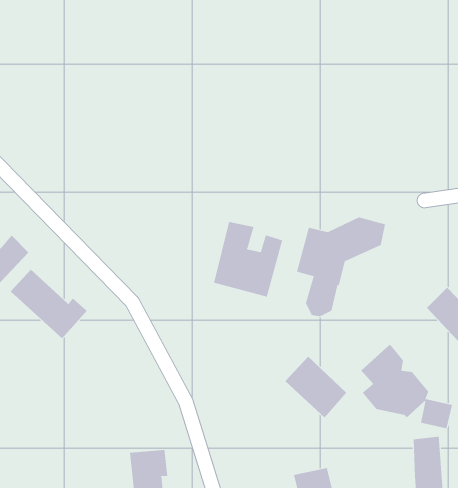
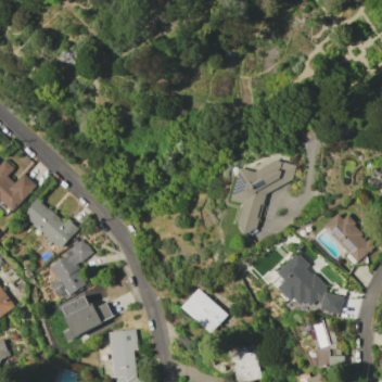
building: [213,221,283,297] -> none
building: none -> [50,239,91,298]
building: [284,356,347,418] -> [181,288,227,333]
building: none -> [61,295,113,339]

